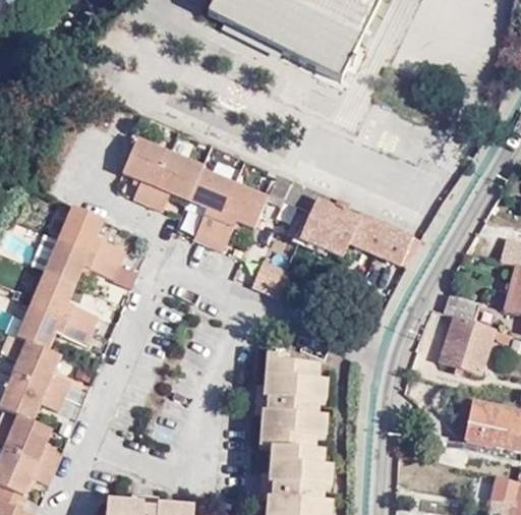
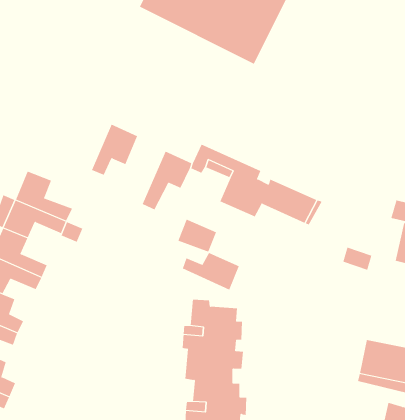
building: [123,134,172,204] -> none
building: [189,166,235,243] -> none
building: none -> [182,252,239,291]
building: [437,317,494,376] -> none

